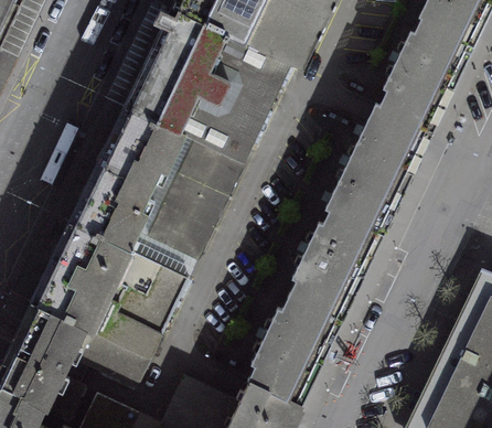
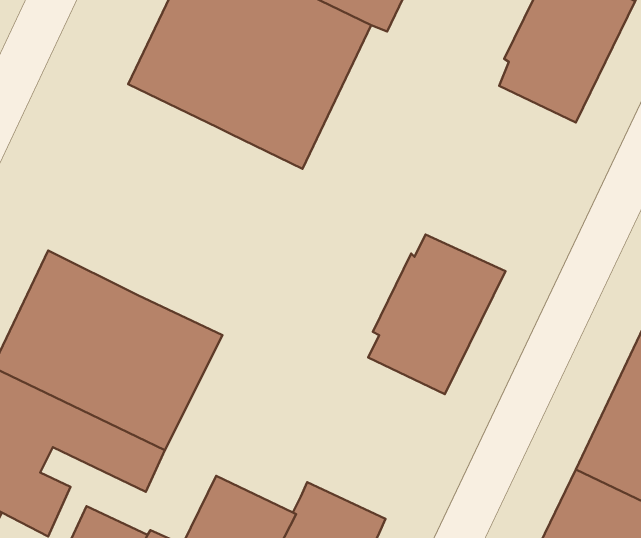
building: [327,101,434,232] -> none
building: [69,103,186,248] -> none
building: [150,137,245,256] -> none
building: [248,291,343,403] -> none

